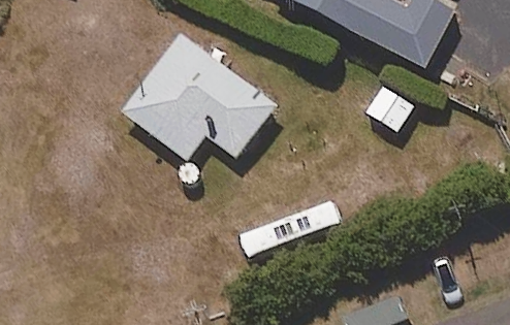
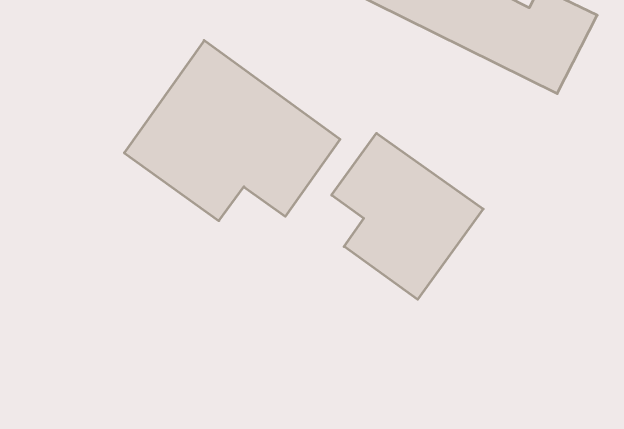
building: none -> [332,133,483,299]

